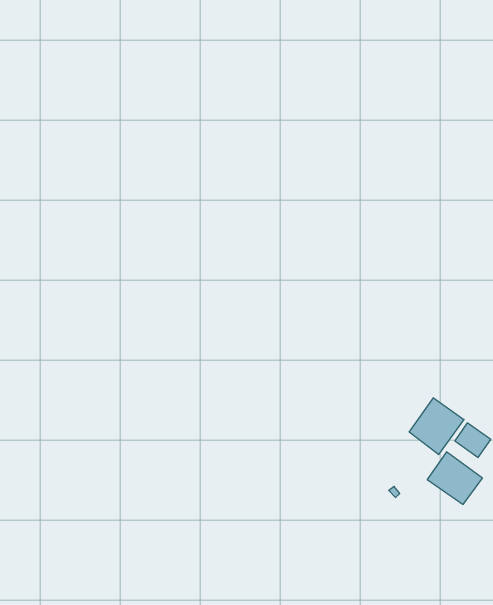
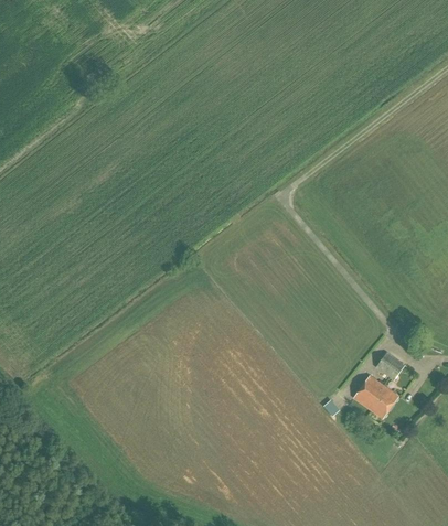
building: [409,398,464,455] -> none

